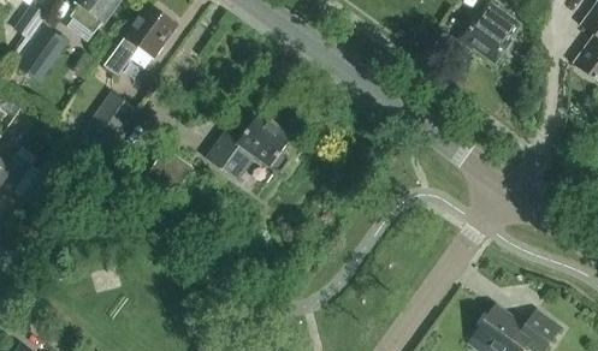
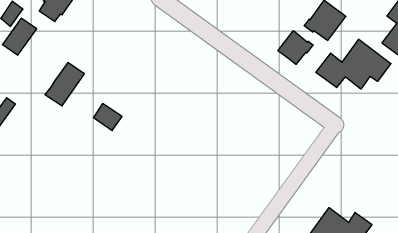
building: [105,6,174,75] -> none
building: none -> [278,31,313,64]
building: none -> [316,39,391,89]
building: [205,115,291,182] -> none

